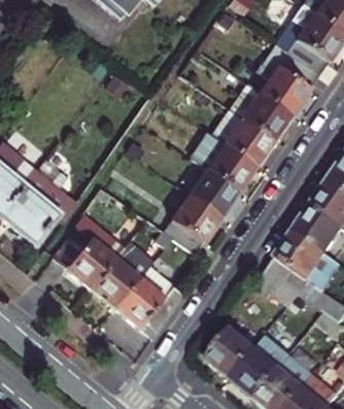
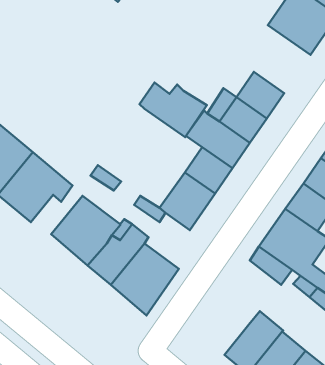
building: [261,43,318,112] -> none
building: none -> [139,82,207,137]
building: [205,327,255,378] -> none

